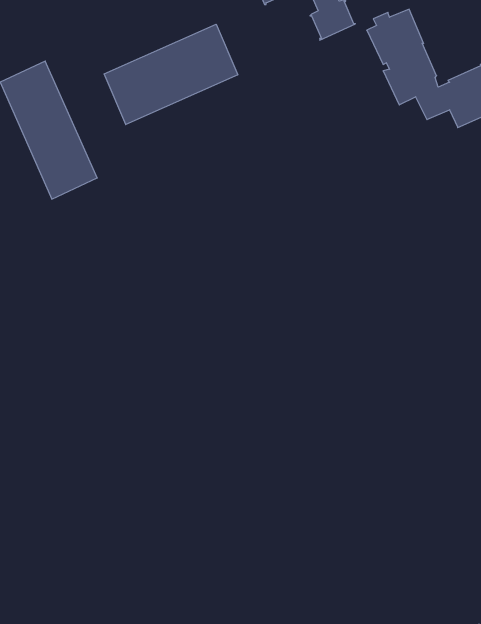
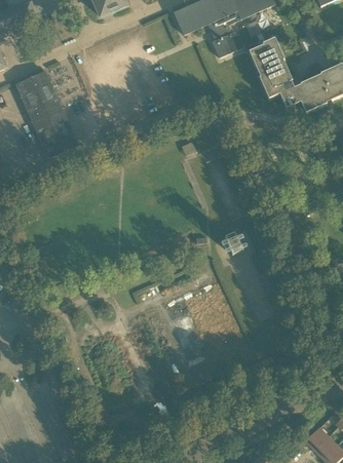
building: [104,24,238,125] -> none

